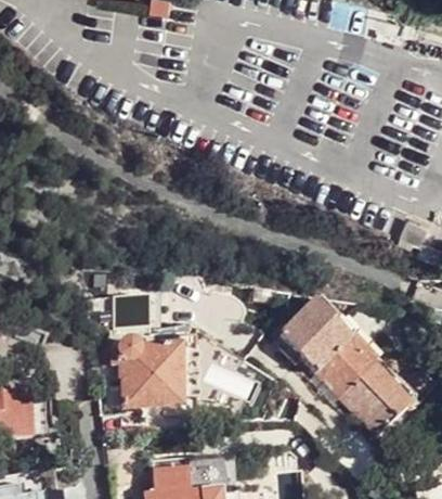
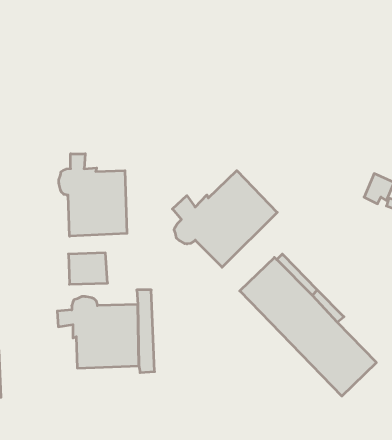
building: none -> [59,154,127,236]
building: none -> [172,171,277,267]

